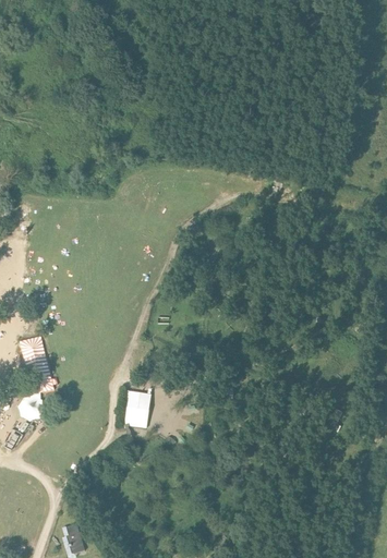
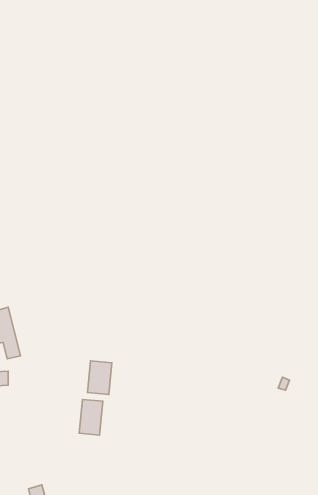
building: none -> [79,399,103,435]

